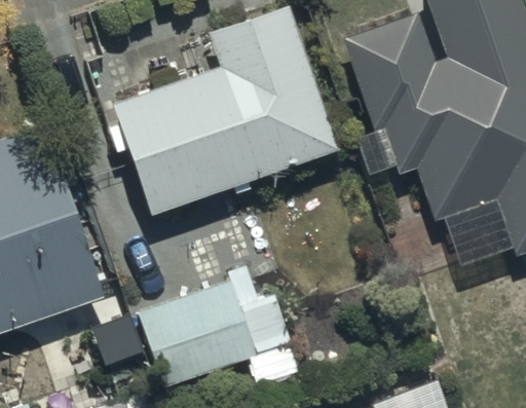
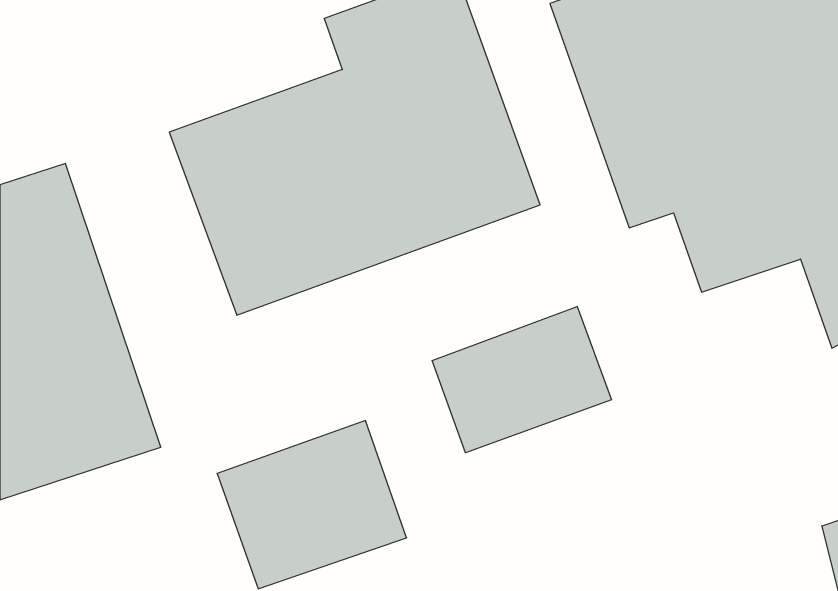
building: none -> [432,306,611,453]

